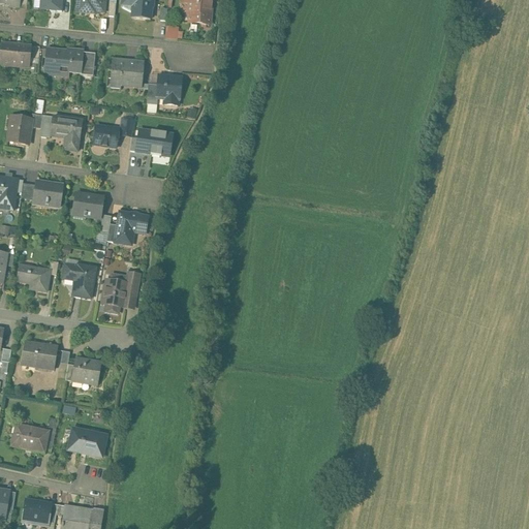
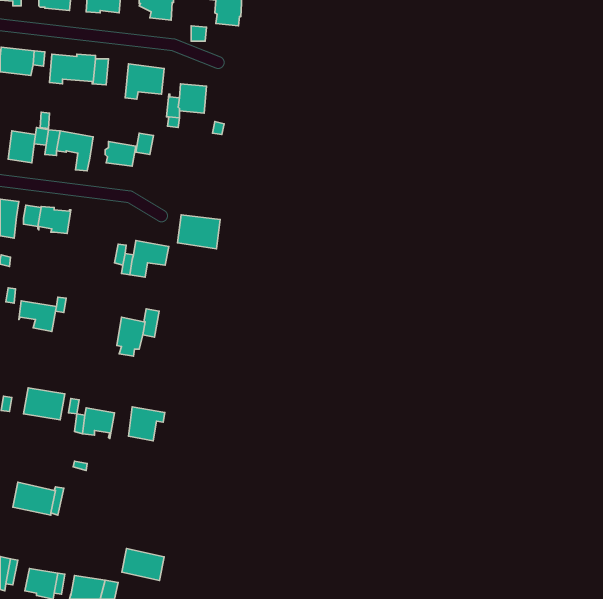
building: [135,126,173,156] -> [178,215,220,249]
building: [72,192,103,217] -> none
building: [62,263,95,298] -> none
building: none -> [128,407,165,441]
building: [68,428,105,456] -> [122,549,164,580]

